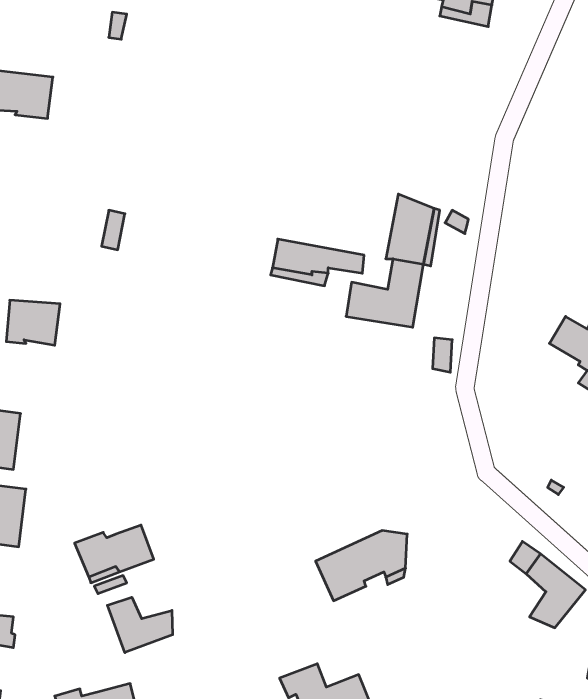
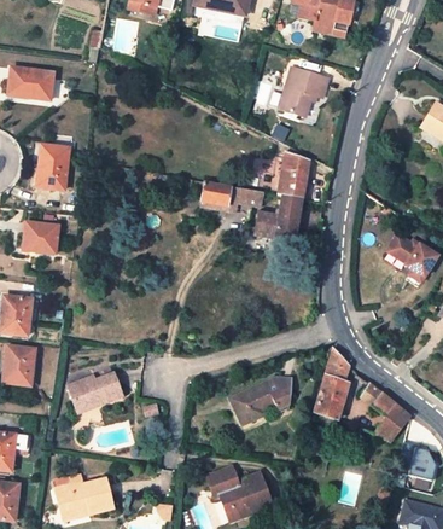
building: none -> [279,66,327,116]
building: none -> [37,143,69,188]
building: none -> [314,345,349,423]
building: [107,597,173,653] -> none

